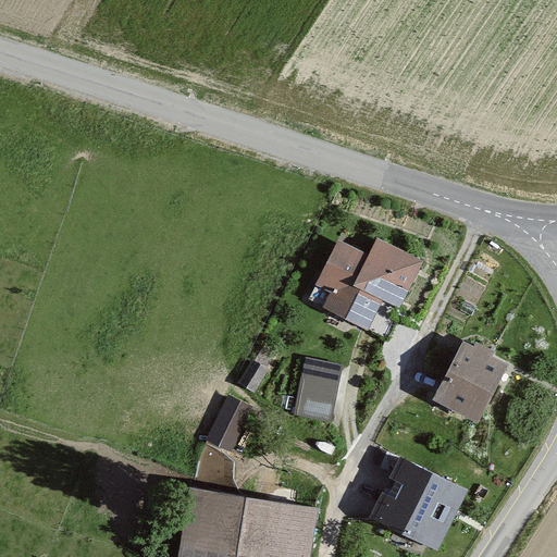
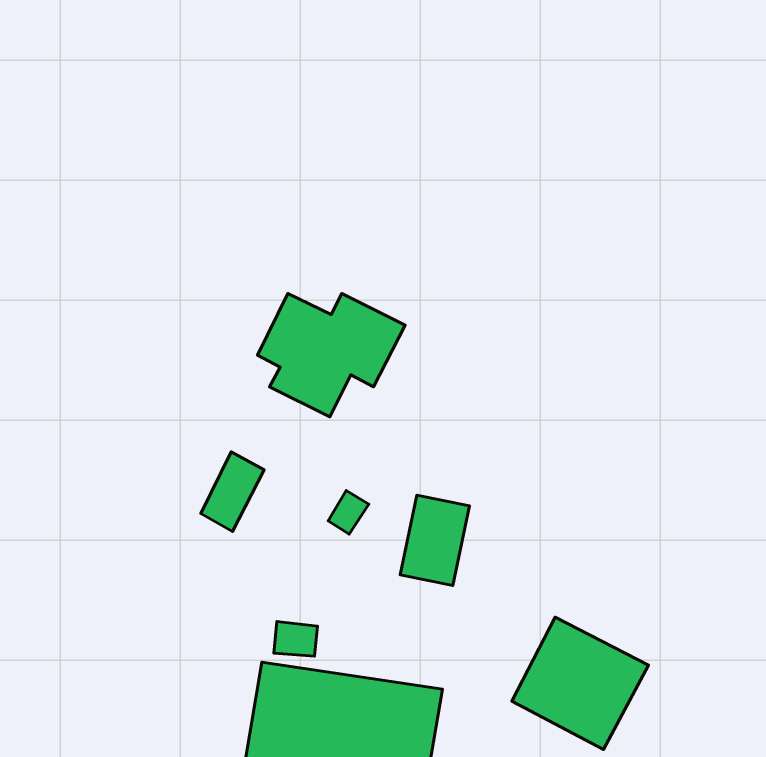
building: [314,242,421,331] -> [258,294,405,417]
building: [433,341,507,421] -> none
building: [206,398,251,456] -> [201,452,264,532]

